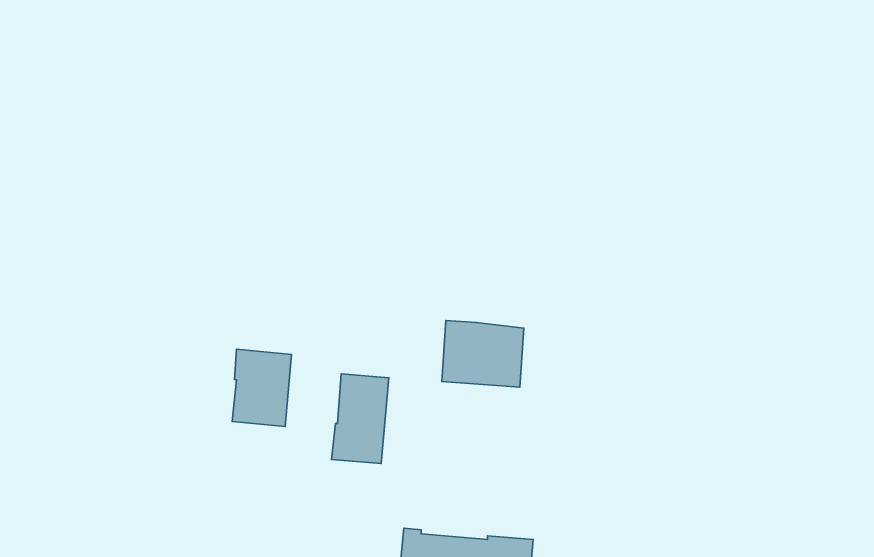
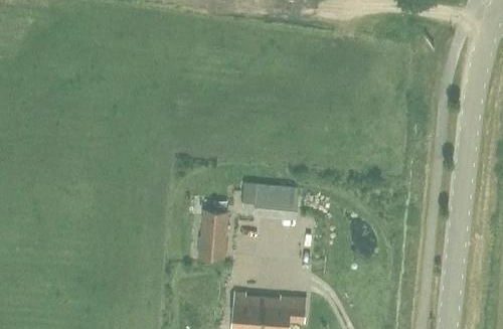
building: [232,349,291,427] -> none

